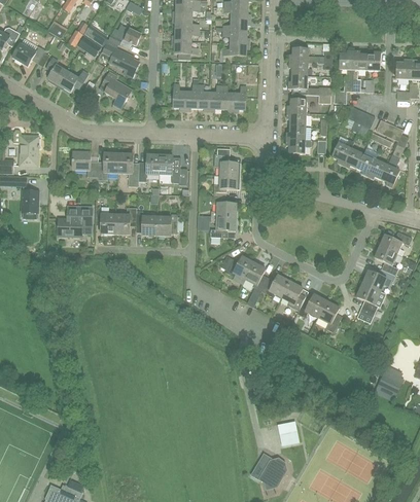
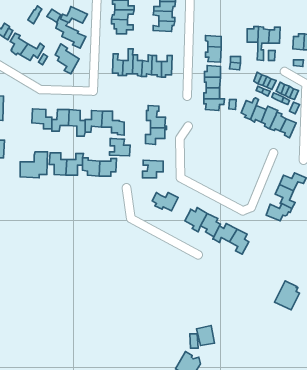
building: [288,47,332,63] -> none
building: [211,194,237,216] -> [109,138,130,156]
building: [246,261,270,301] -> none
building: [357,283,385,316] -> none

